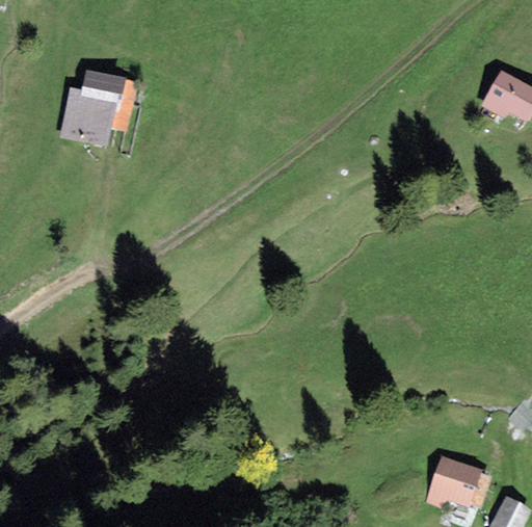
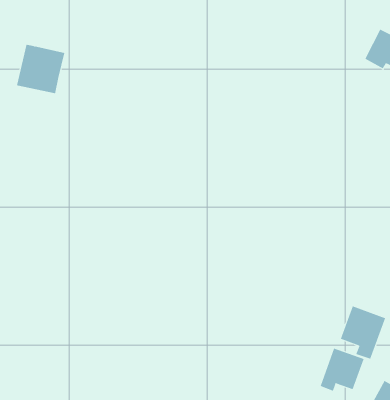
building: [81,69,137,131] -> none
building: none -> [340,306,386,360]

